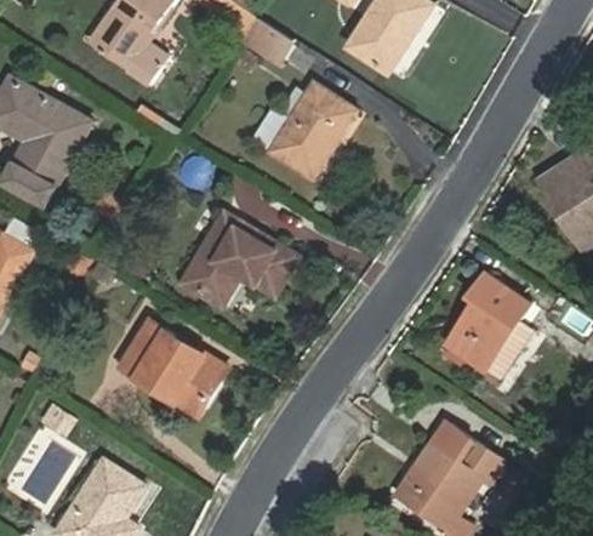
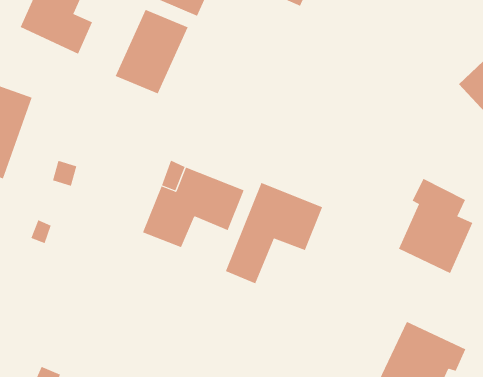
building: [268,84,354,176] -> [115,9,188,94]
building: none -> [225,182,323,284]
building: [114,315,228,414] -> none

